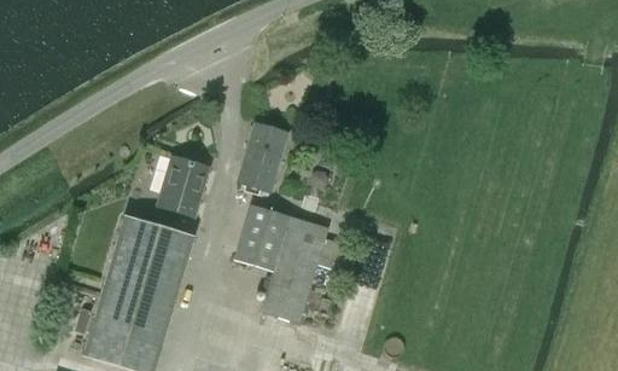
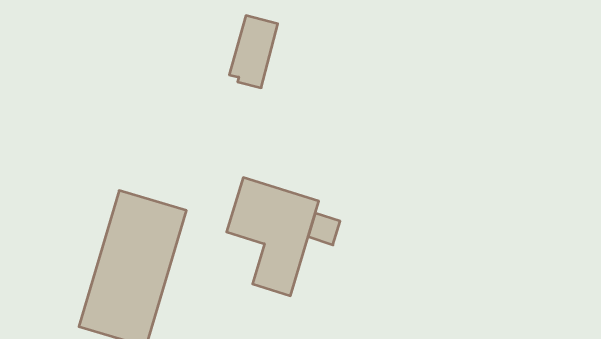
building: [238,123,287,197] -> [229,16,278,88]
building: [158,156,210,216] -> none

